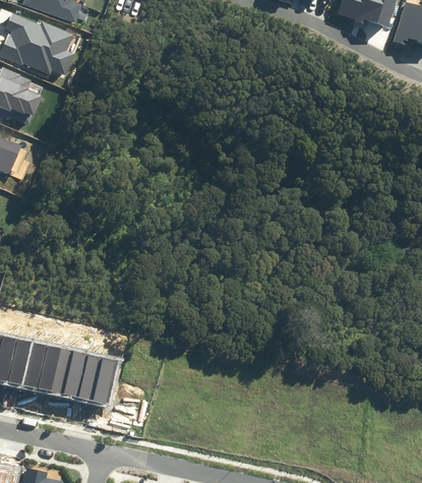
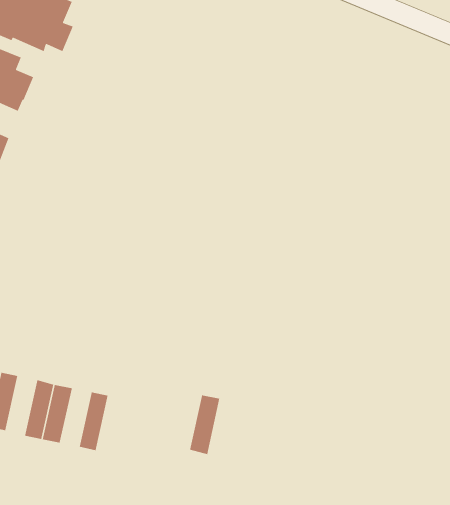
building: [17,341,43,390] -> none
building: [62,351,87,400] -> none
building: [92,357,117,407] -> [189,394,220,455]

